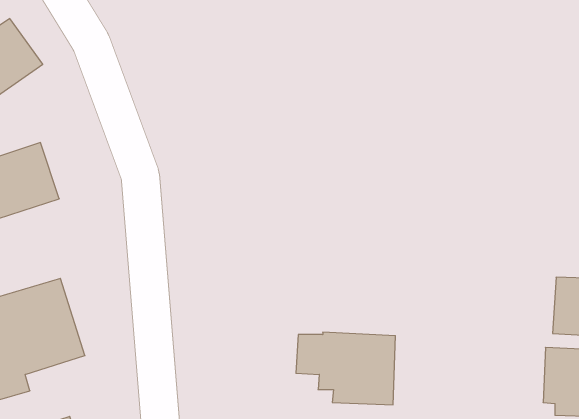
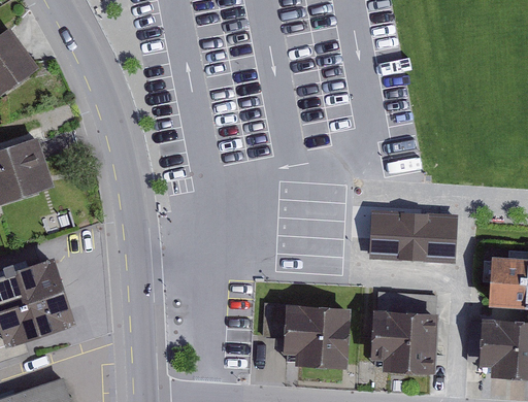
building: none -> [367,214,455,263]
building: none -> [371,295,438,374]

